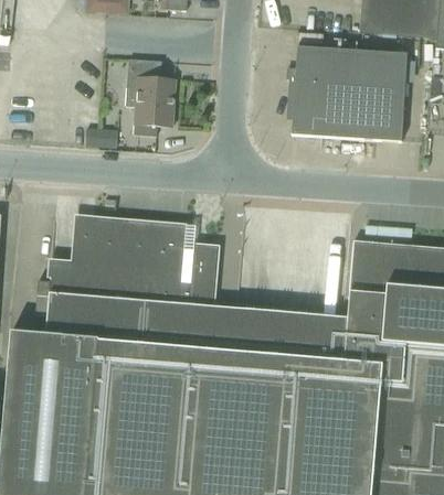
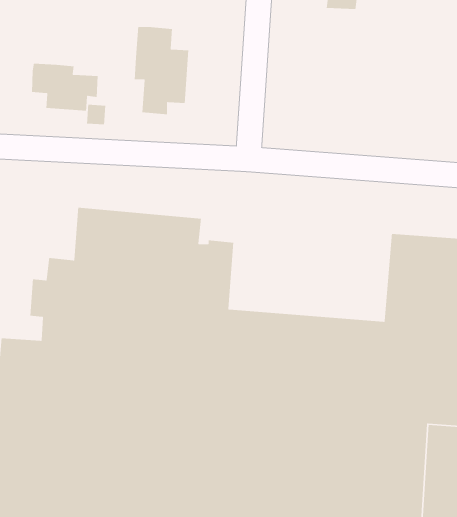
building: [287,46,406,141] -> none
building: none -> [31,63,98,111]

